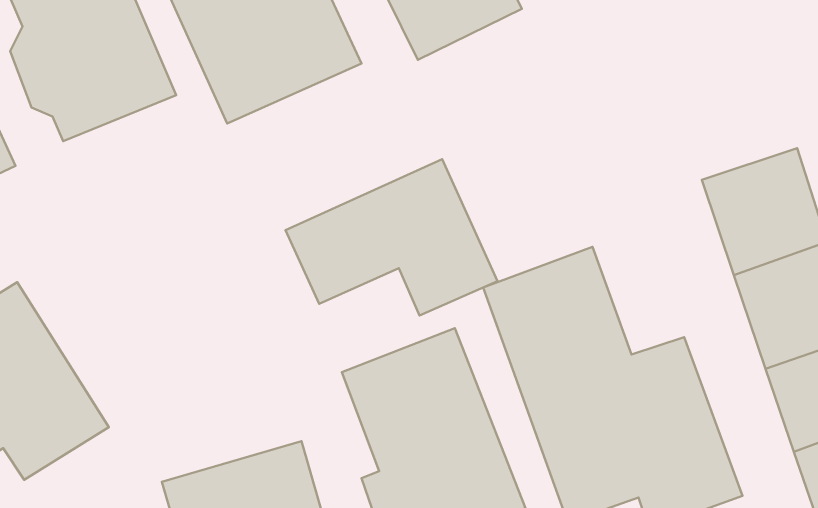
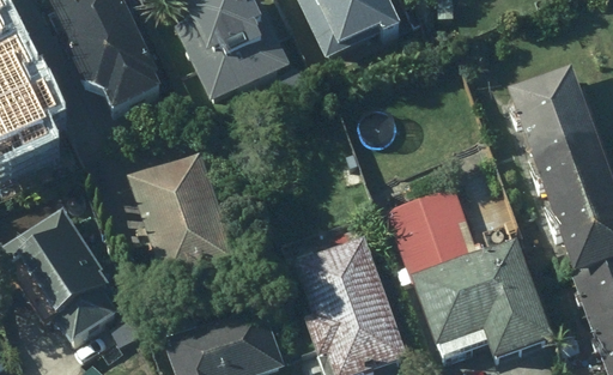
building: none -> [506,55,593,140]
building: [285,159,498,316] -> none
building: none -> [121,159,233,298]

